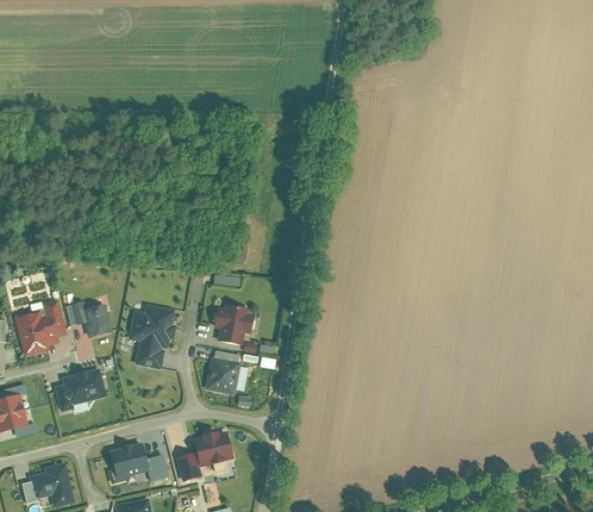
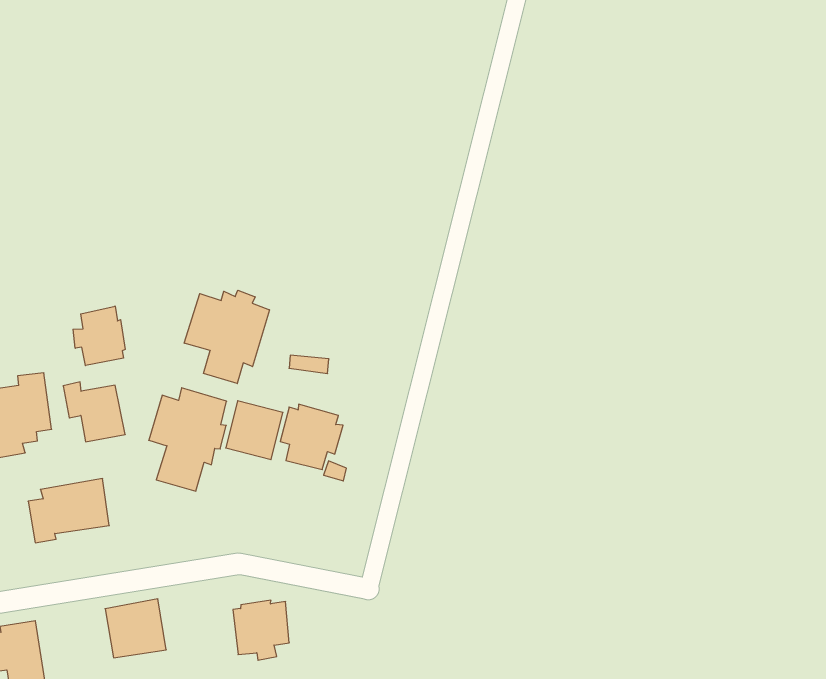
building: none -> [184,290,269,384]
building: none -> [73,306,125,366]
building: [206,356,241,392] -> [226,401,283,460]

